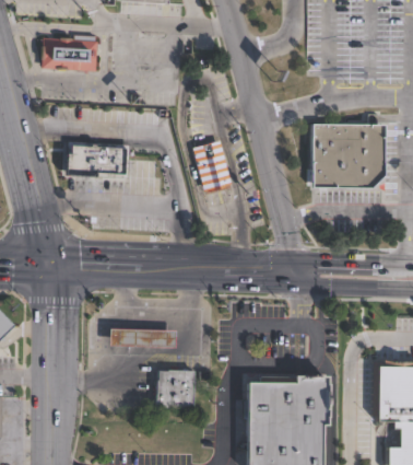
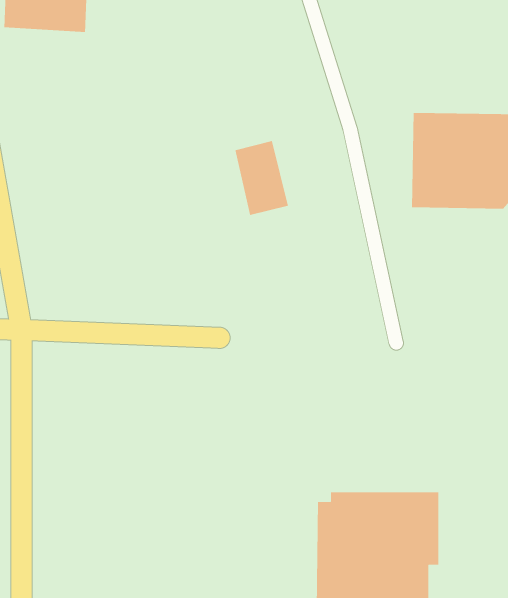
building: [66,140,129,178] -> none
building: [109,329,174,346] -> none
building: [156,370,193,405] -> none

